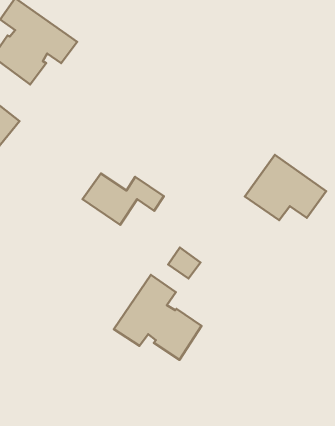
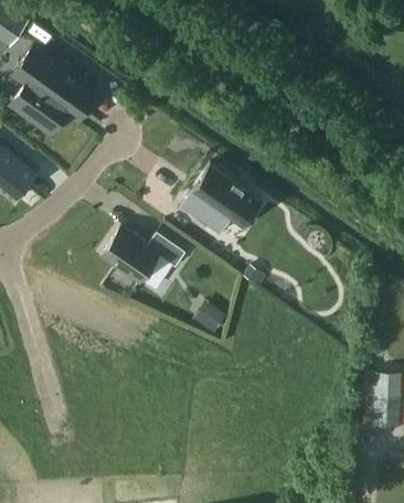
building: [245,155,326,220] -> [177,165,261,233]
building: [114,275,201,360] -> none

